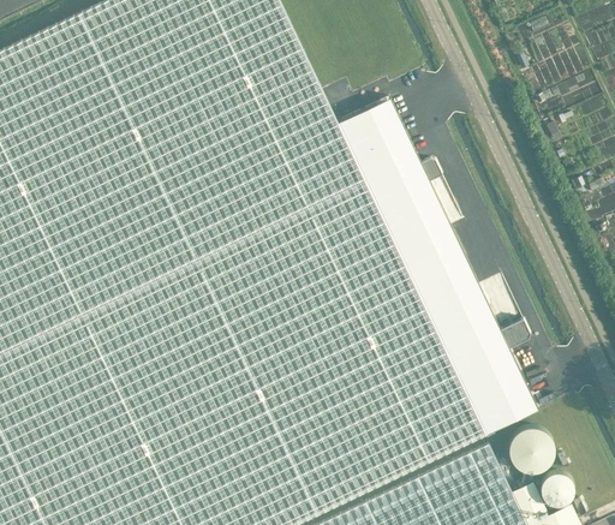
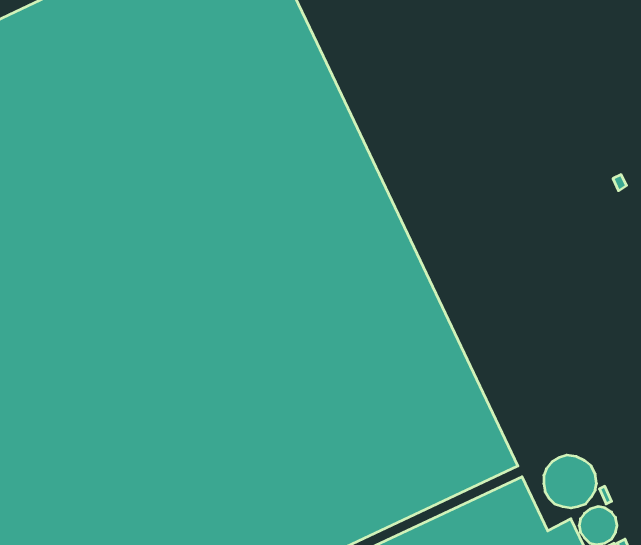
building: [336,99,537,435] -> none

